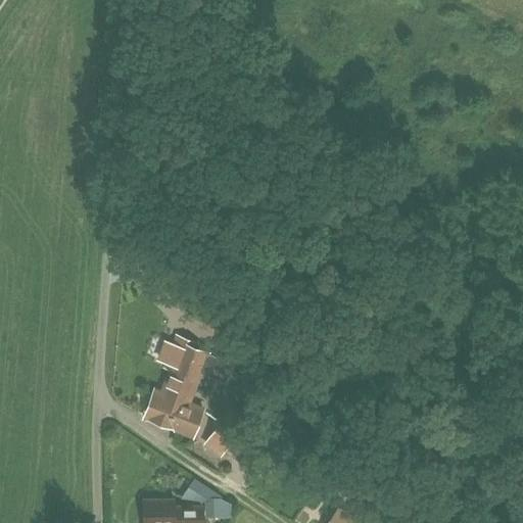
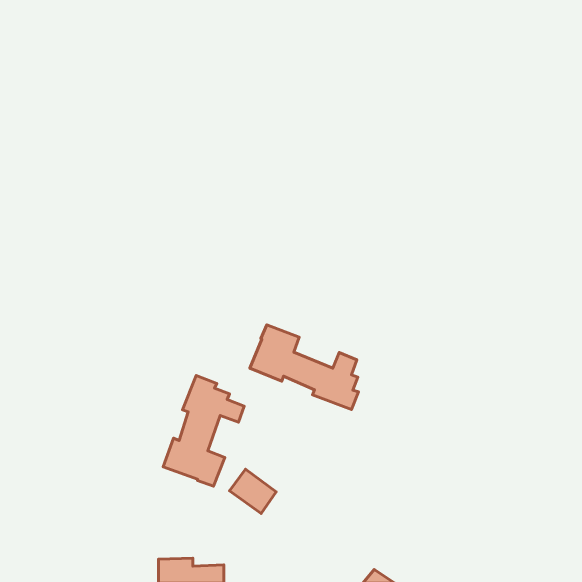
building: none -> [250,325,358,409]
building: [180,479,230,518] -> none

